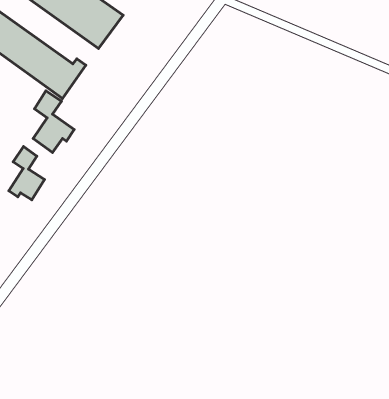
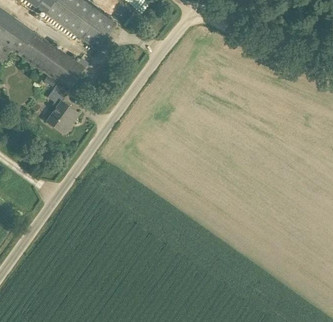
building: [9,147,44,200] -> none

